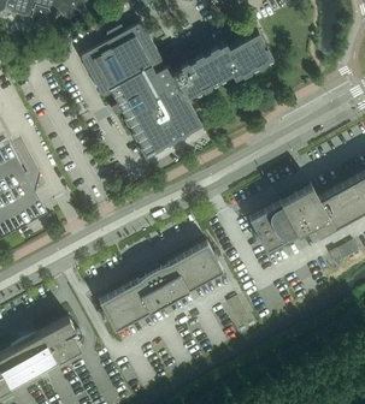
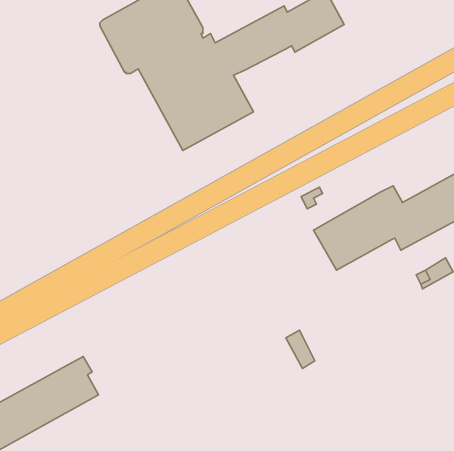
building: [98,242,222,329] -> none

